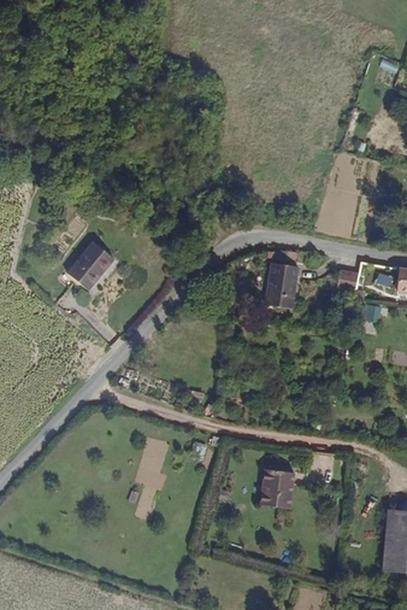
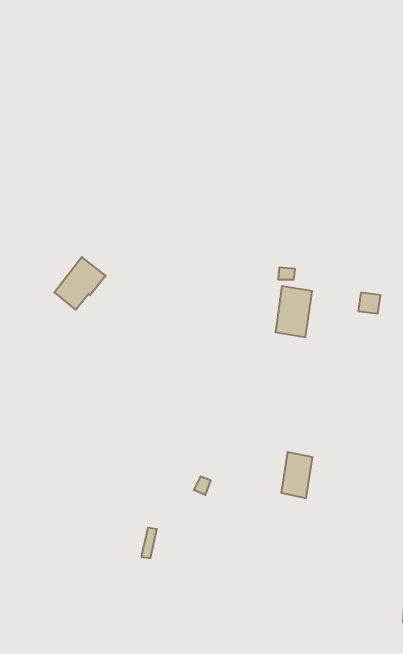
building: [264,465,293,508] -> [281,452,313,498]

